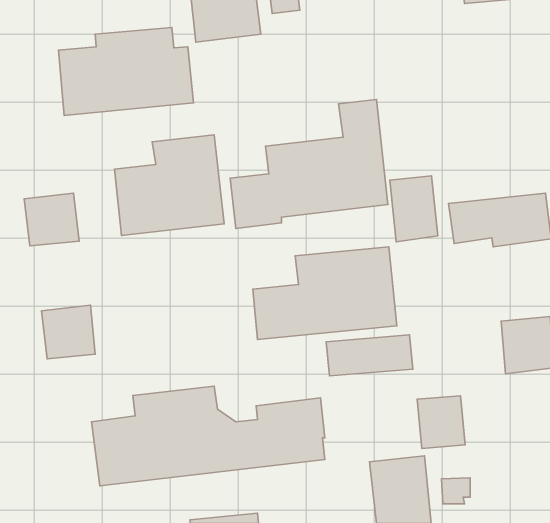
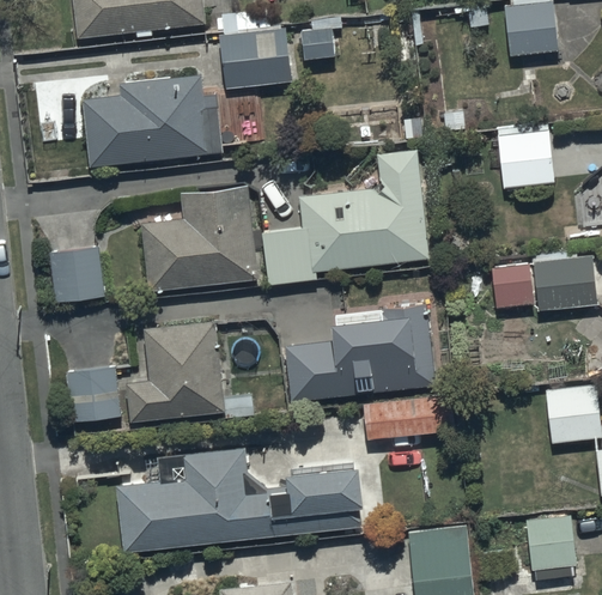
building: none -> [494,119,552,183]
building: [390,176,438,242] -> none
building: none -> [127,320,223,424]
building: [417,396,465,448] -> [525,508,576,563]

